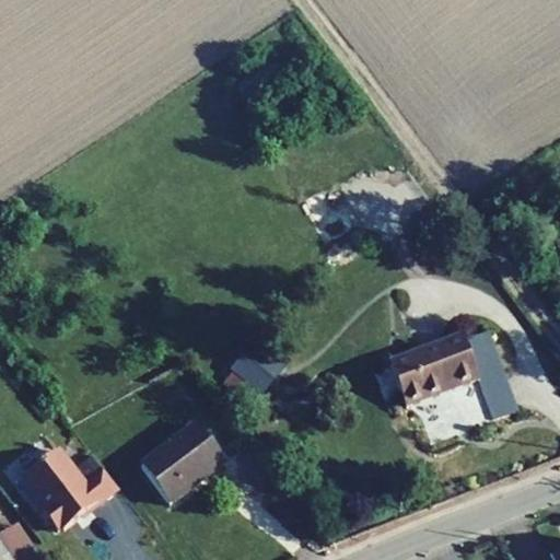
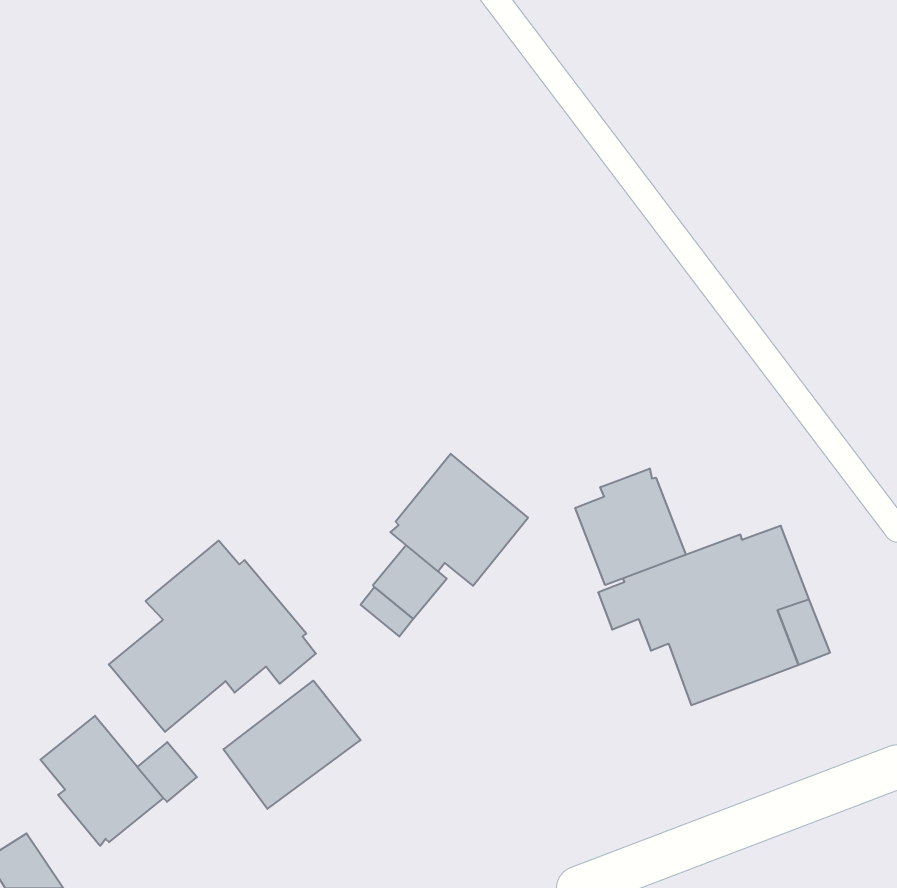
building: none -> [390,454,528,586]
building: none -> [575,468,686,585]
building: none -> [109,541,316,732]

